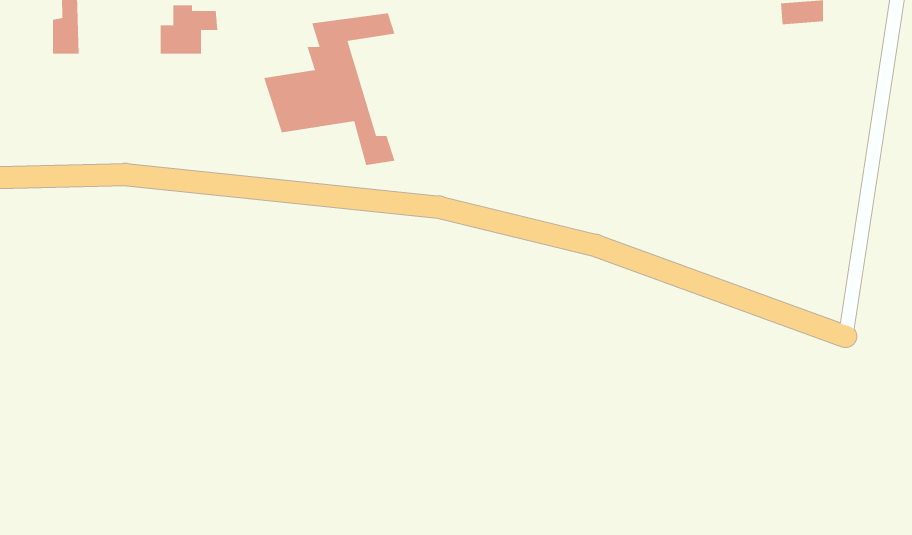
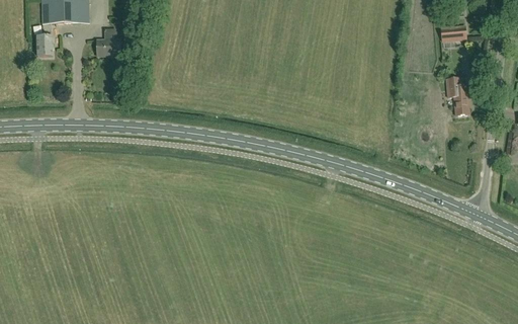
building: [263,12,395,166] -> none
building: none -> [445,75,468,113]

